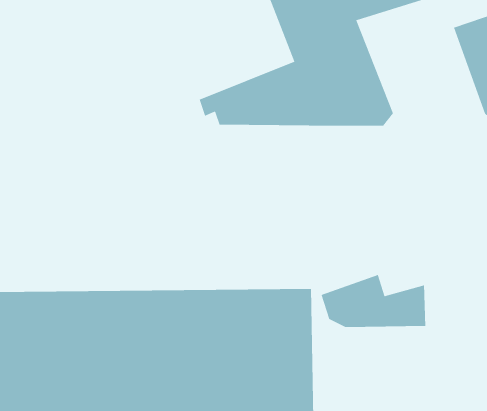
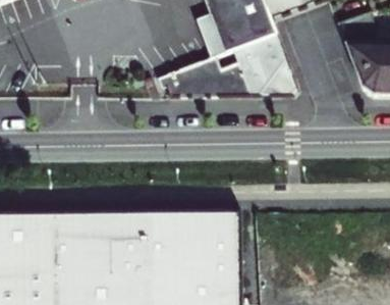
building: [321,274,426,328] -> none

